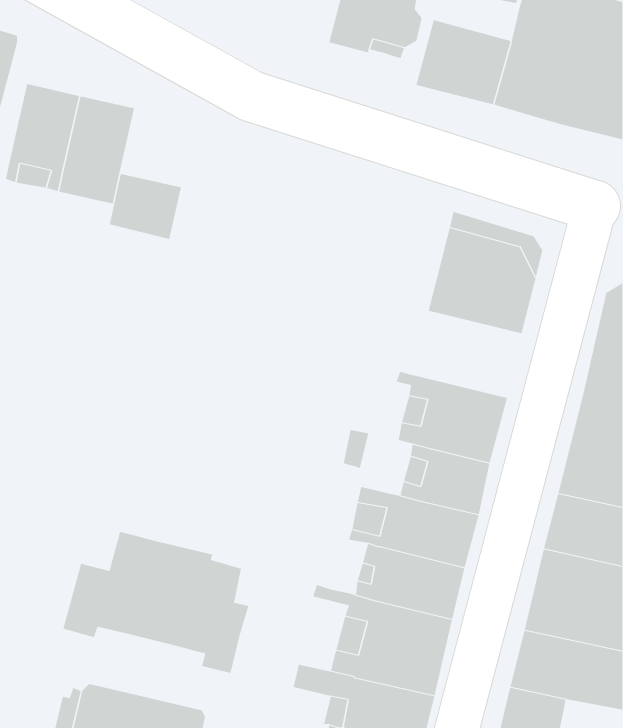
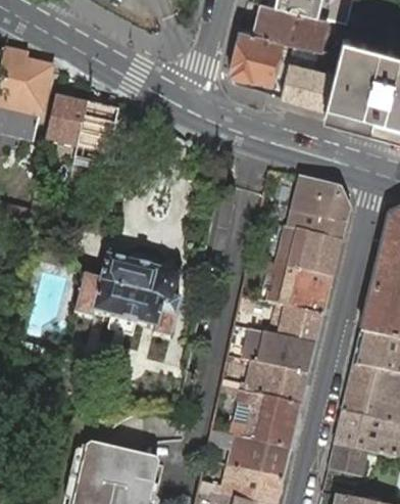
building: [109,173,181,240] -> none
building: none -> [277,228,340,278]
building: [63,531,249,673] -> [72,258,180,339]

